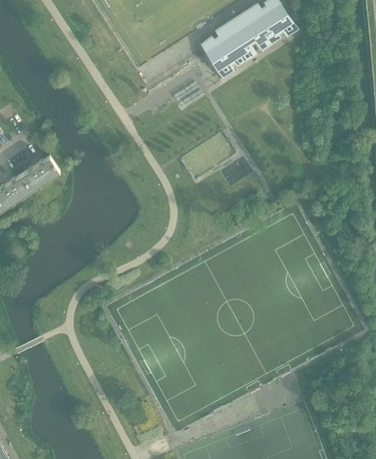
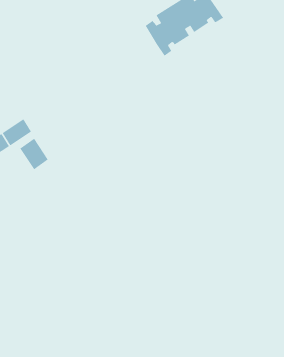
building: none -> [19,138,49,170]

